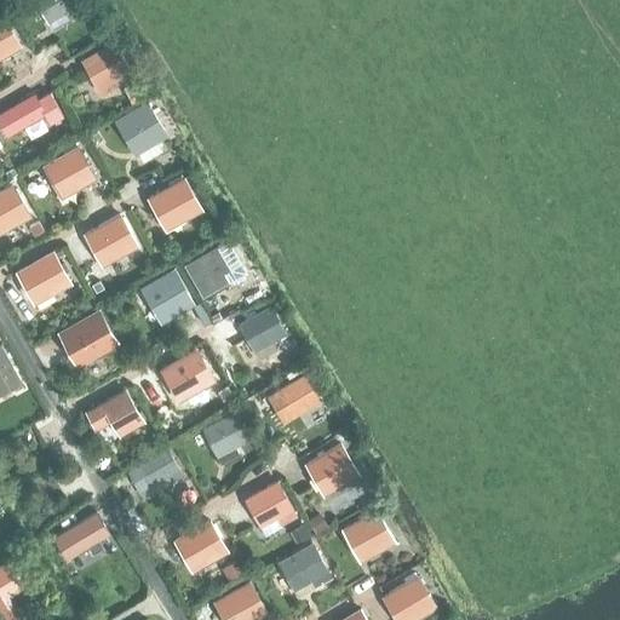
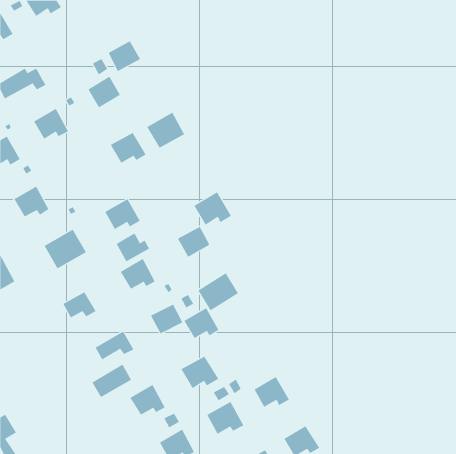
building: [84,46,128,88] -> [108,40,141,72]
building: none -> [147,112,185,149]
building: [86,218,134,260] -> none
building: [193,241,245,287] -> [194,192,232,226]
building: none -> [116,233,150,262]
building: [308,448,356,490] -> [183,307,219,339]
building: [54,515,109,561] -> [92,364,132,398]

